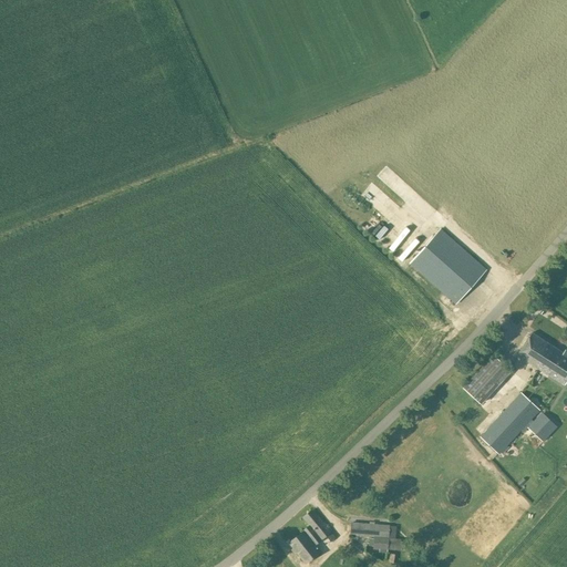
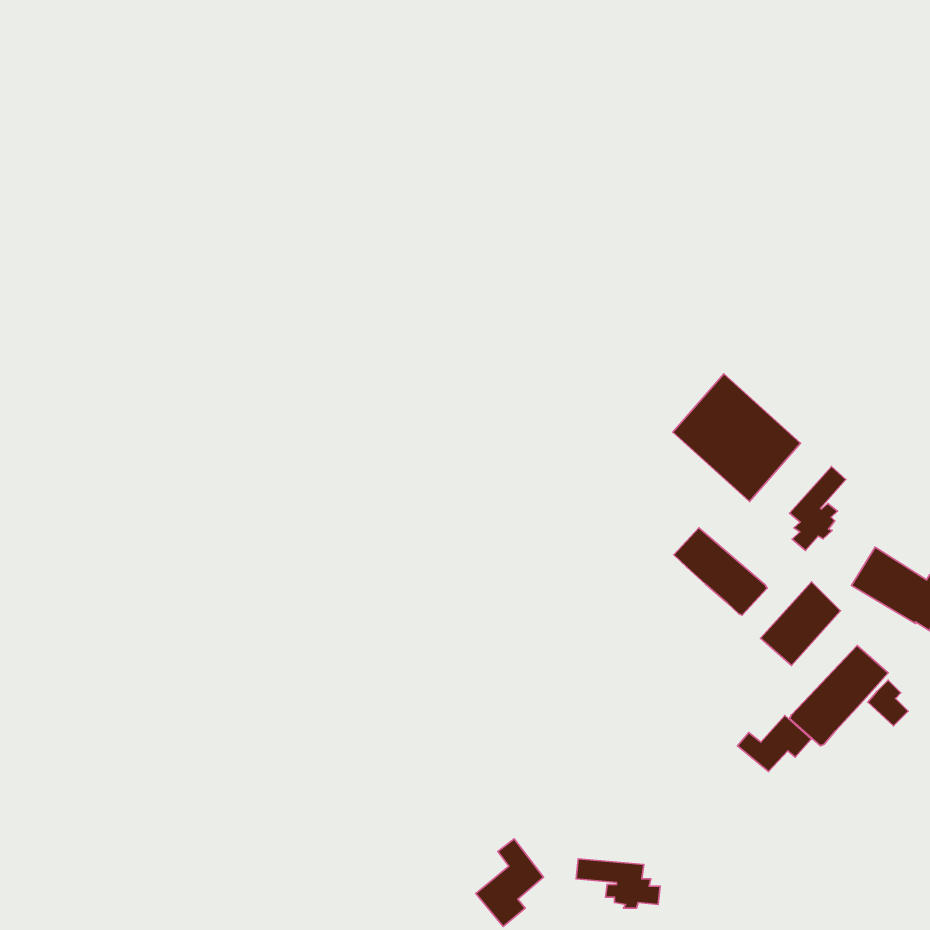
building: none -> [789,467,846,551]
building: none -> [674,528,767,615]
building: none -> [738,715,811,771]

